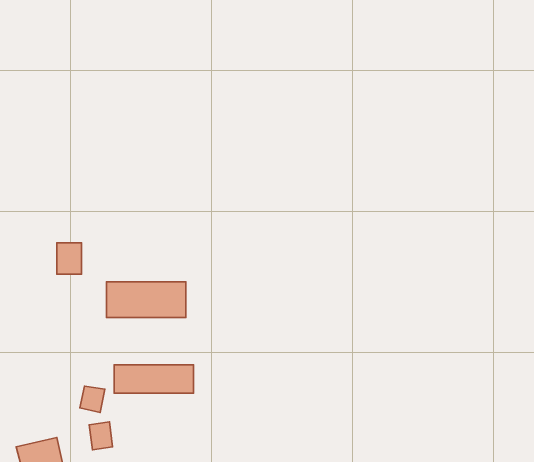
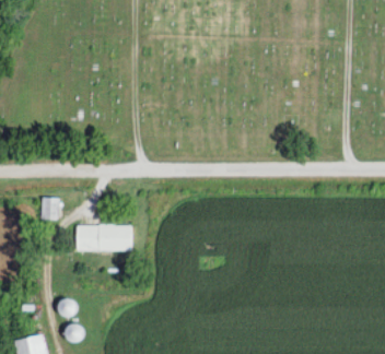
building: [114,365,194,393] -> none

